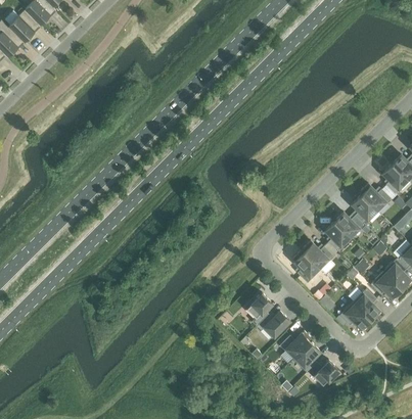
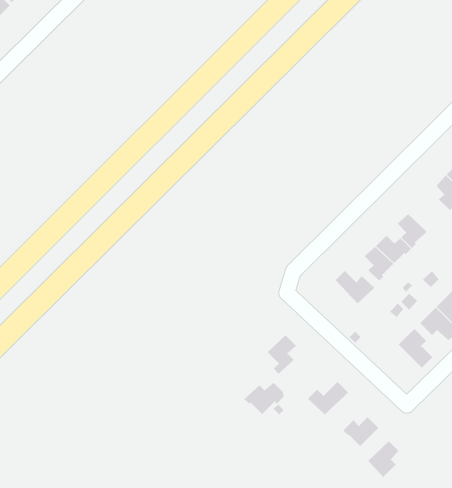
building: [360,184,393,213] -> none
building: [293,249,321,283] -> none
building: [337,301,373,330] -> none
building: [257,312,290,338] -> [243,382,285,415]
building: [294,342,320,373] -> [367,441,399,478]

